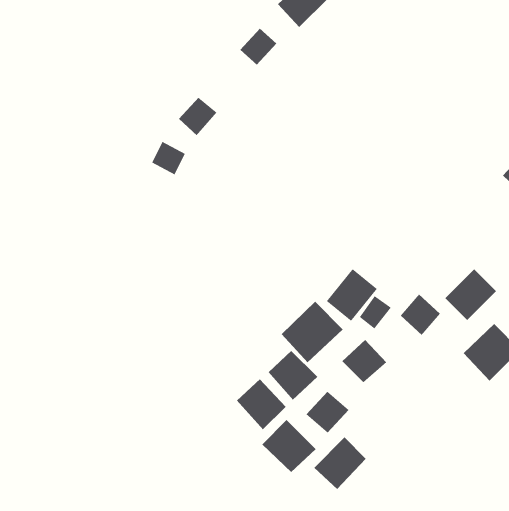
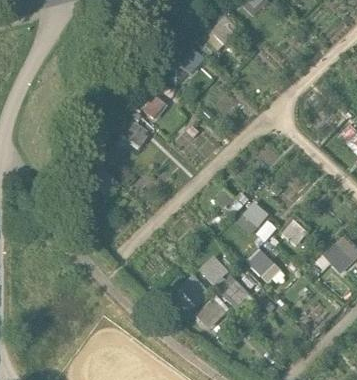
building: [445,268,497,321] -> none
building: [281,301,344,363] -> none
building: [313,437,367,490] -> none

